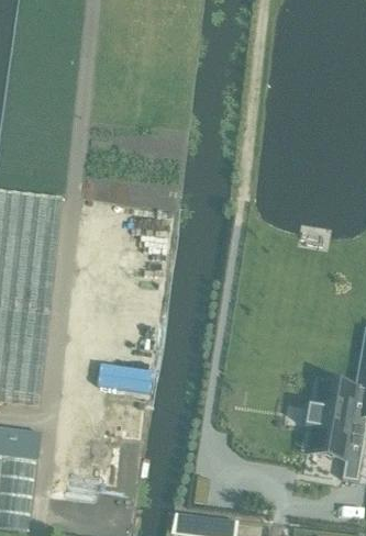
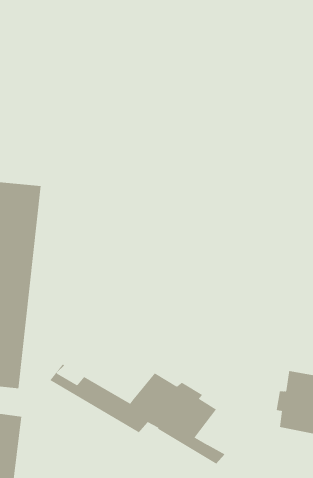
building: none -> [50,363,225,465]

